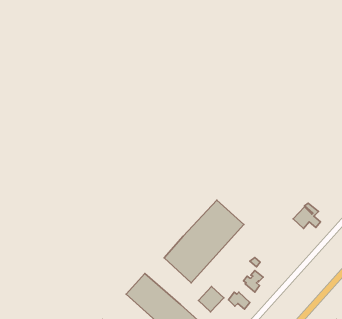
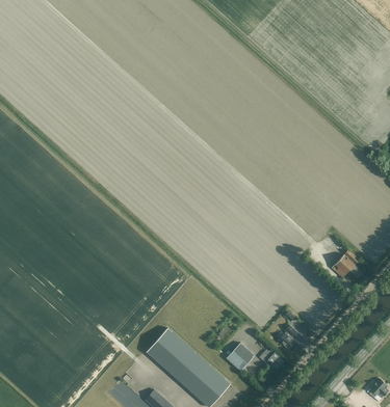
building: [164,200,244,283] -> none

